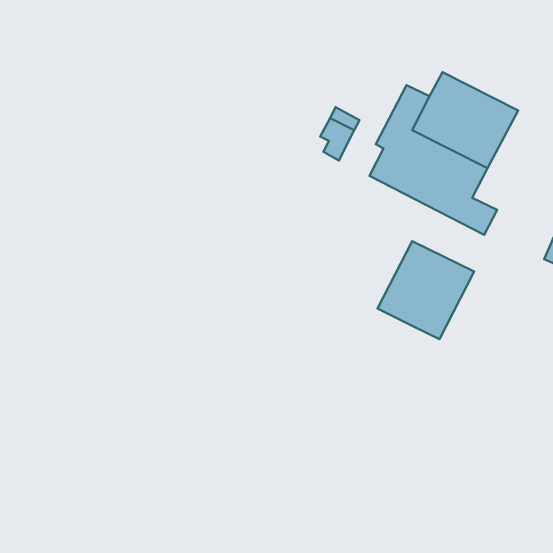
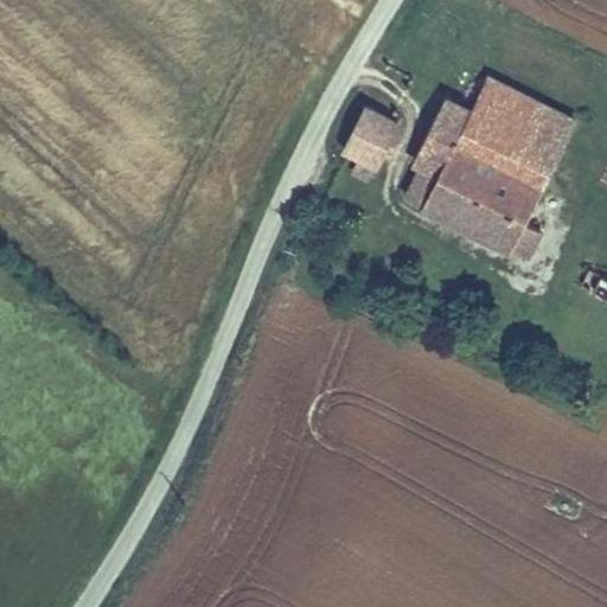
building: [378,241,474,339] -> none

